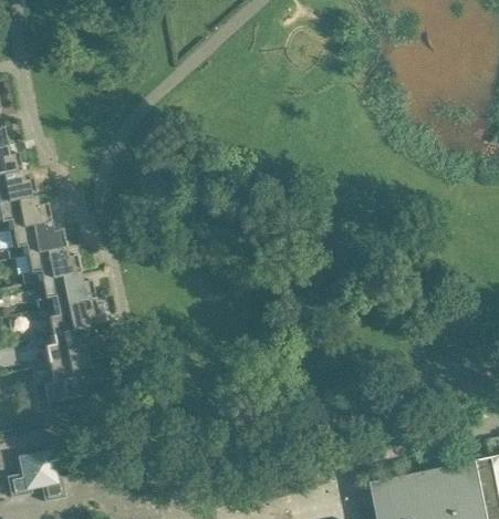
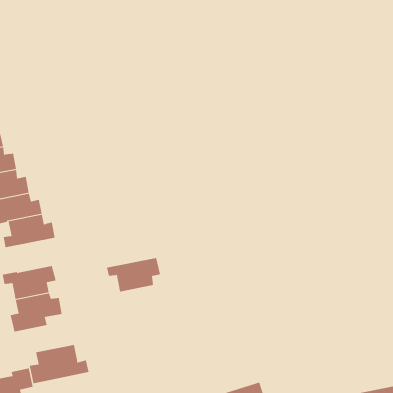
building: [38,299,98,338] -> [106,257,161,292]
building: none -> [29,344,89,384]

